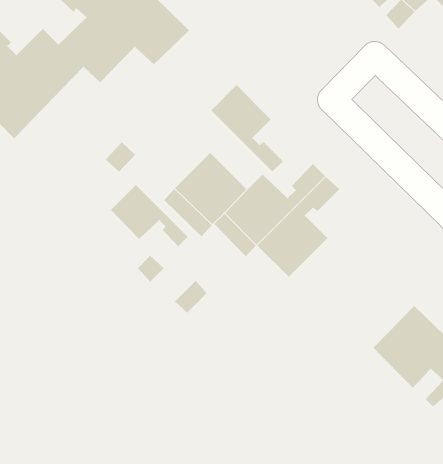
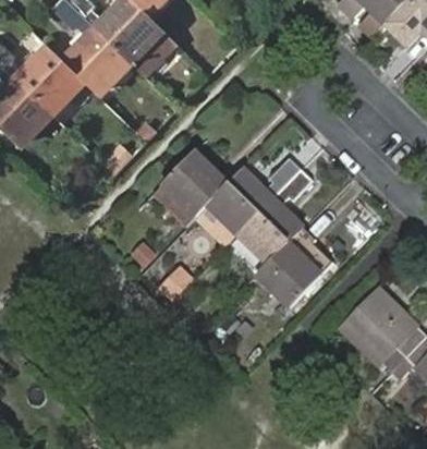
building: [210,84,284,172] -> none
building: [110,184,188,247] -> none
building: none -> [259,231,334,311]

